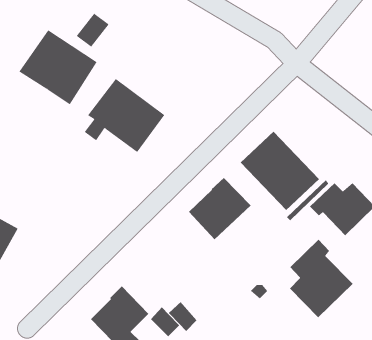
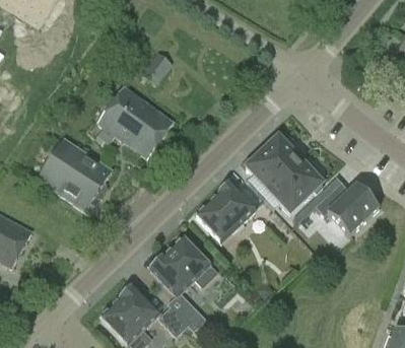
building: [76,13,110,48] -> [140,52,173,85]
building: [18,29,97,105] -> [36,138,112,211]
building: none -> [150,238,214,295]
building: [289,239,353,318] -> none

